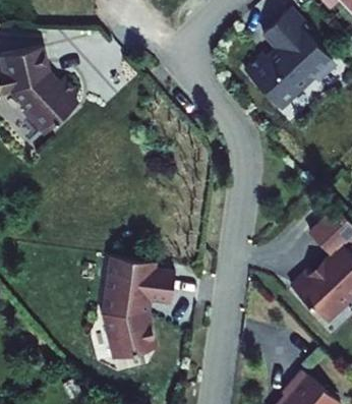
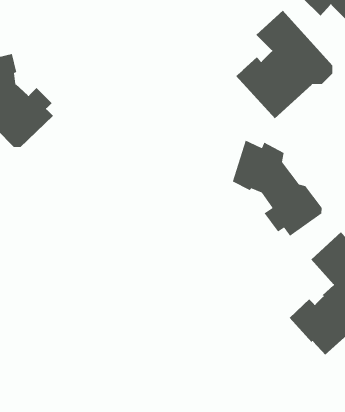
building: none -> [232,140,322,237]
building: [108,255,178,358] -> none

